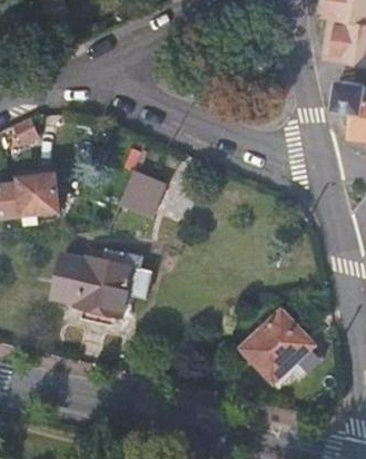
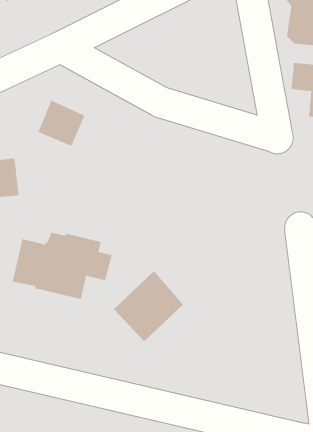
building: [119,170,167,217] -> [38,100,85,146]
building: [241,311,313,383] -> [113,270,184,342]

